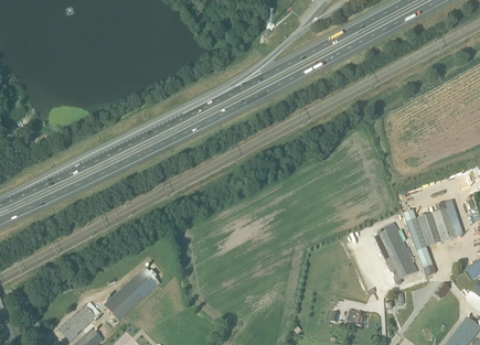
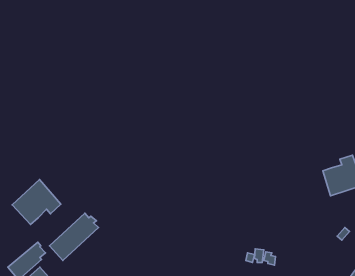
building: [374,226,418,281] -> none
building: none -> [12,180,61,224]

